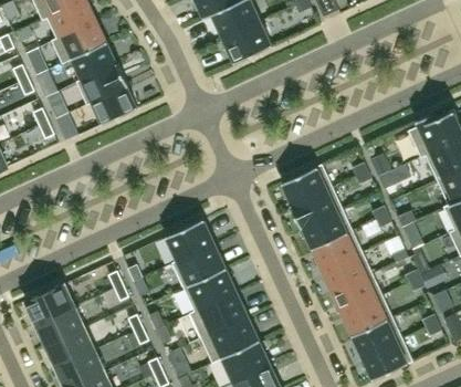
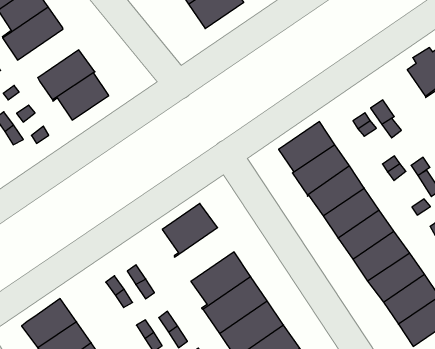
building: [61,42,117,82] -> none
building: [171,243,226,287] -> none

